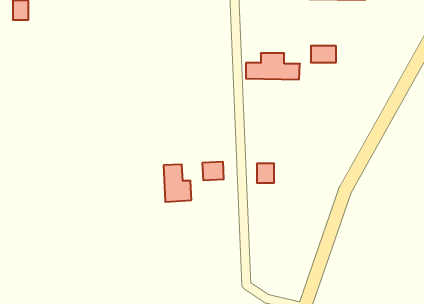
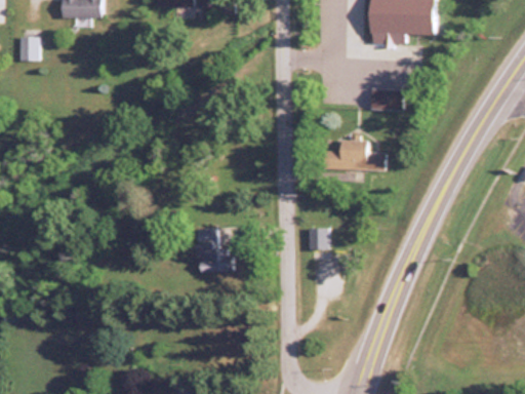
building: [246,53,300,79] -> [322,140,386,170]
building: [203,162,224,180] -> none

